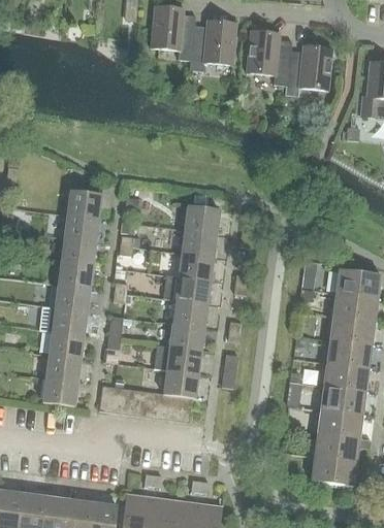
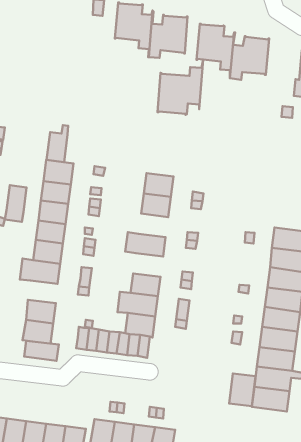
building: none -> [158,59,203,115]
building: none -> [47,125,68,162]
building: none -> [5,185,27,222]
building: [179,253,214,280] -> none
building: [172,299,207,327] -> none
building: [49,331,84,358] -> none
building: none -> [24,341,59,361]
building: none -> [229,374,256,406]

